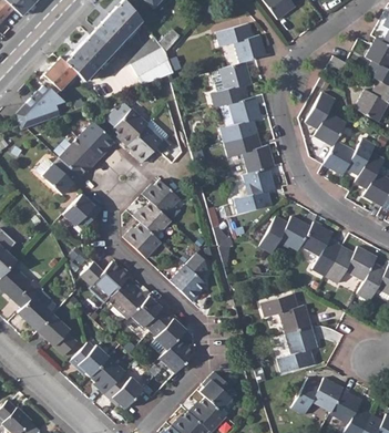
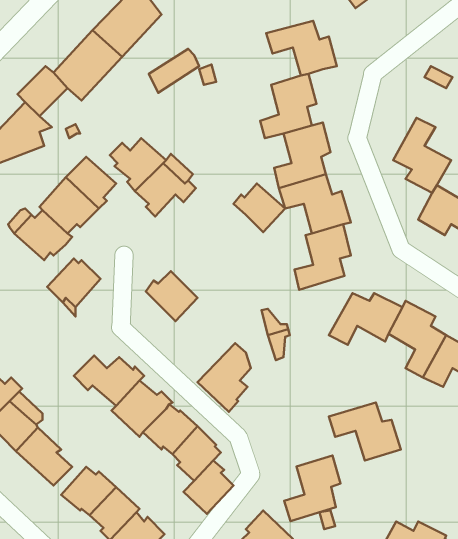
building: [140,181,176,215] -> [233,183,285,232]
building: [122,225,158,259] -> none
building: [277,329,317,375] -> [284,455,340,521]

